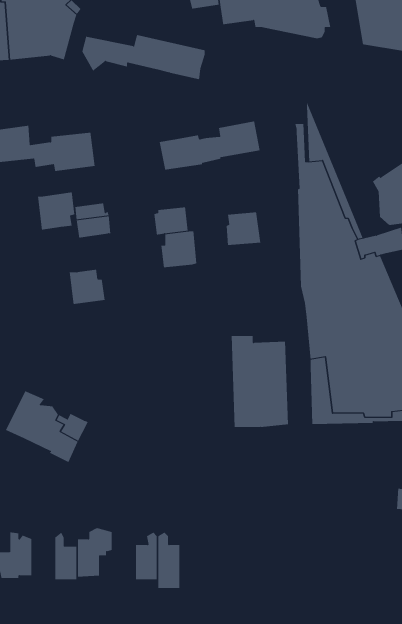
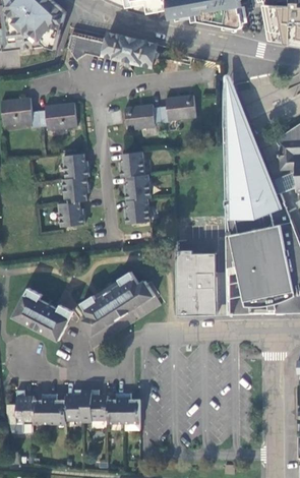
building: [37,192,75,230] -> [61,175,88,202]
building: [226,212,261,246] -> [125,197,151,222]
building: none -> [79,271,159,349]
building: none -> [80,386,106,424]
building: none -> [32,391,48,424]

